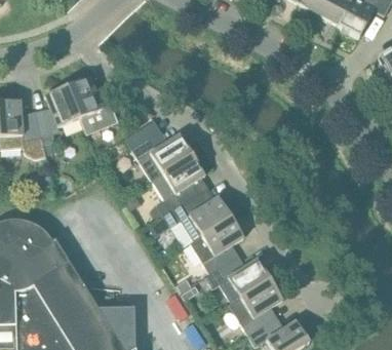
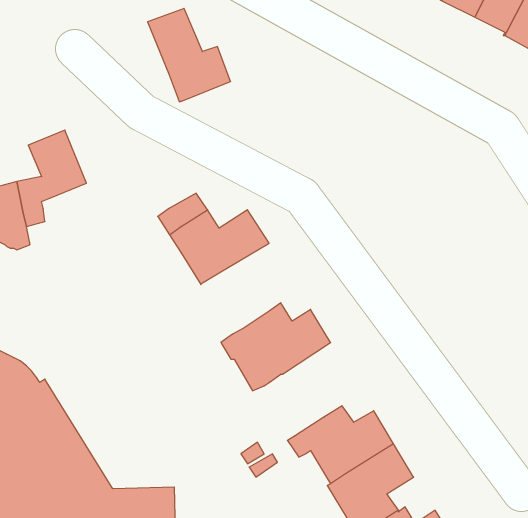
building: [68,76,119,133] -> [148,8,231,101]
building: [153,154,206,216] -> none
building: [191,216,244,273] -> none

